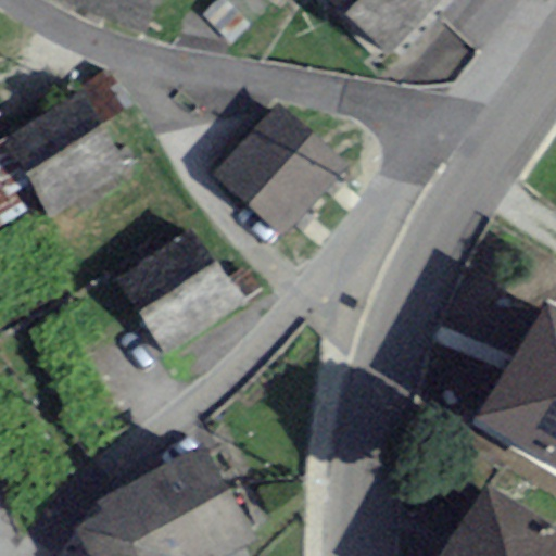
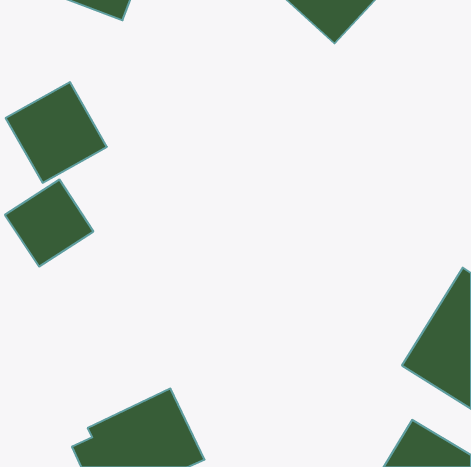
building: [225,113,334,223] -> none
building: [127,238,231,340] -> [5,180,93,266]

